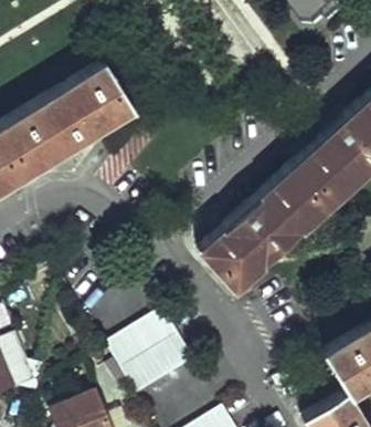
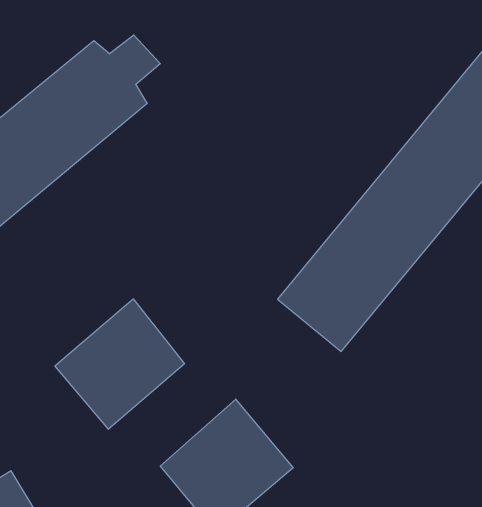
building: none -> [55,299,185,429]

